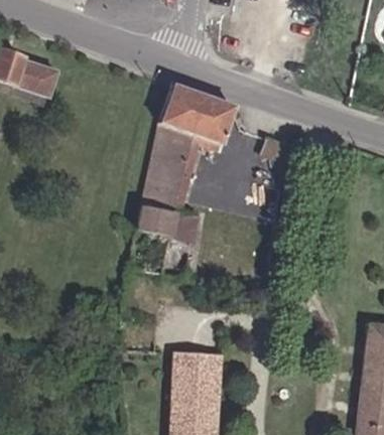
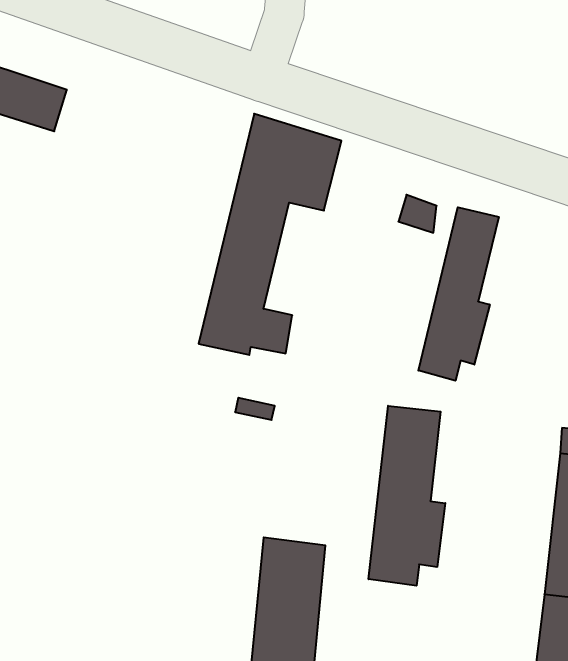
building: none -> [418,207,499,381]
building: none -> [369,406,445,586]

